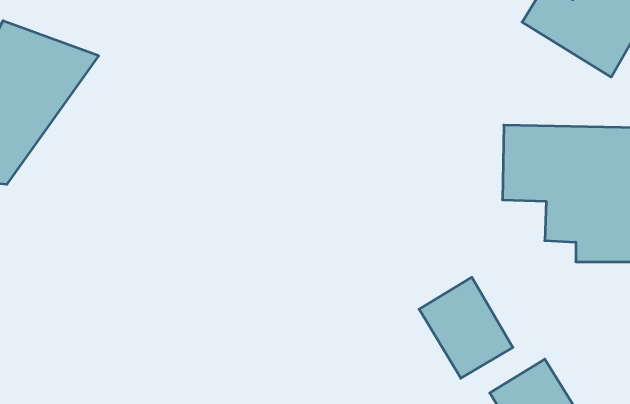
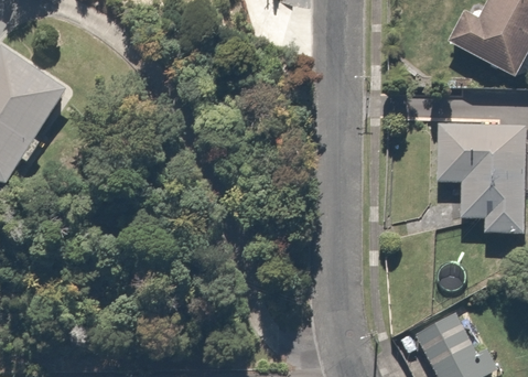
building: [419,277,513,378] -> none

